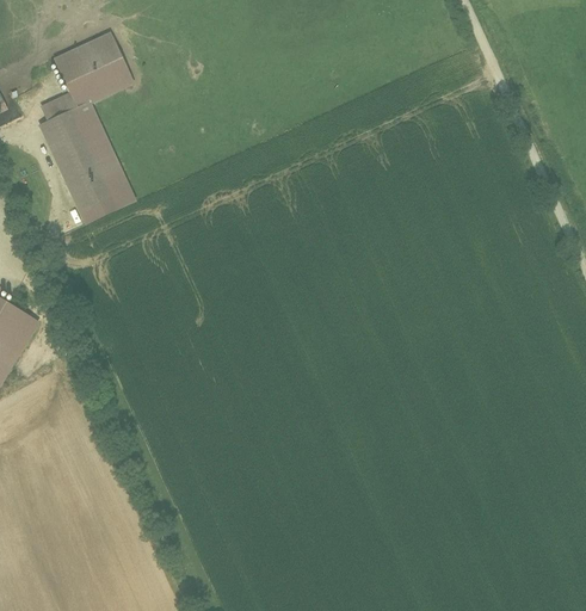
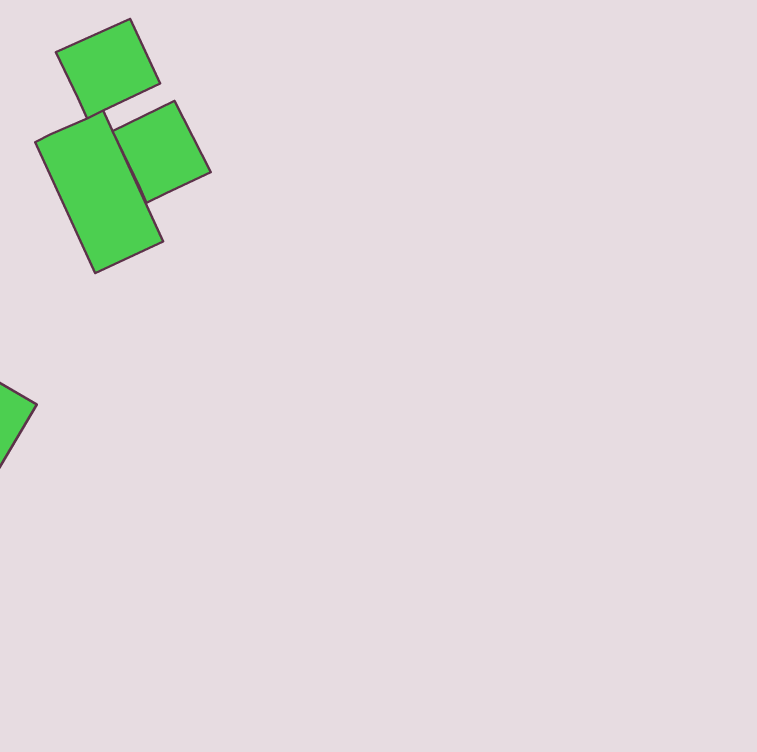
building: [42,91,76,118] -> none
building: none -> [113,101,211,203]

